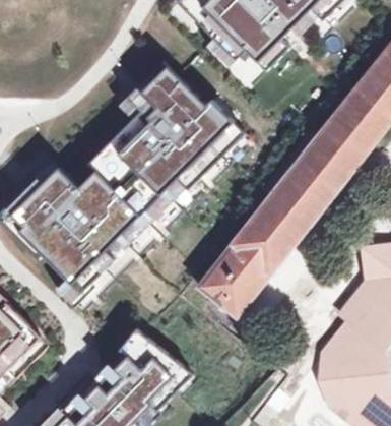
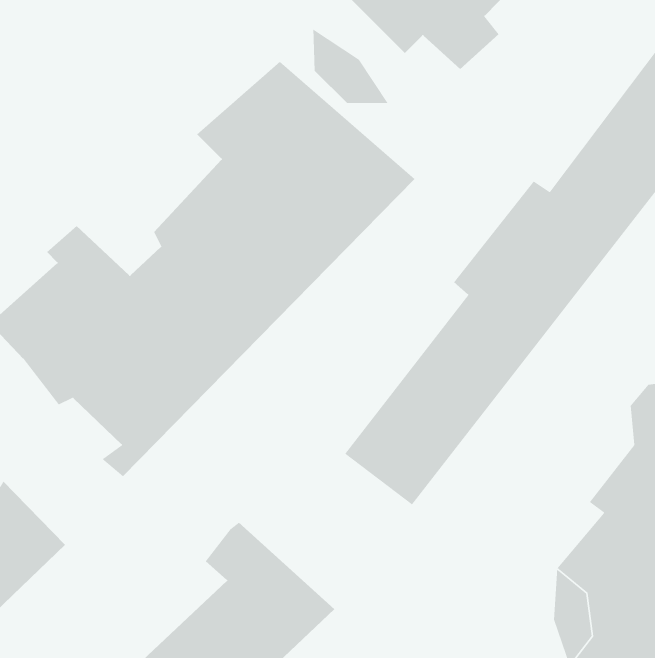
building: none -> [312,28,389,104]

